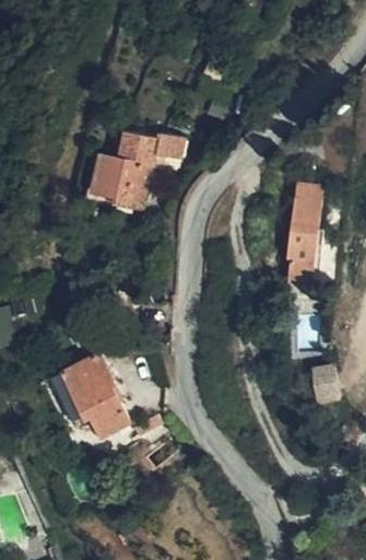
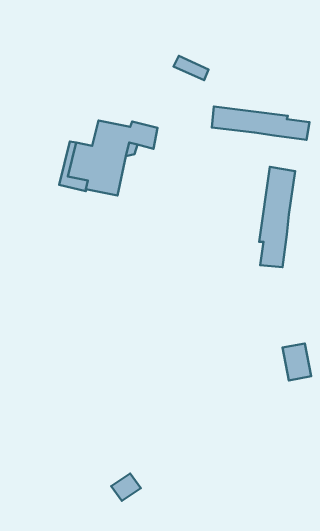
building: none -> [212,107,310,140]
building: [49,351,129,436] -> none

